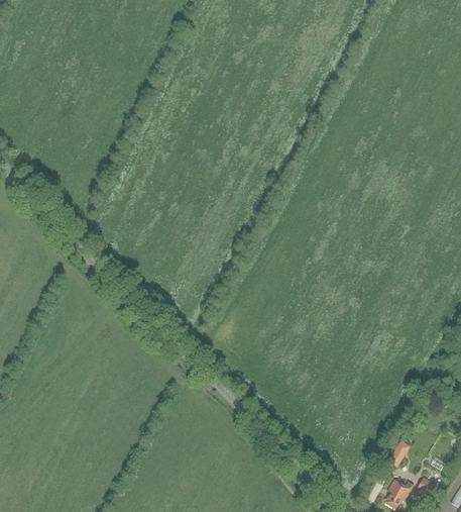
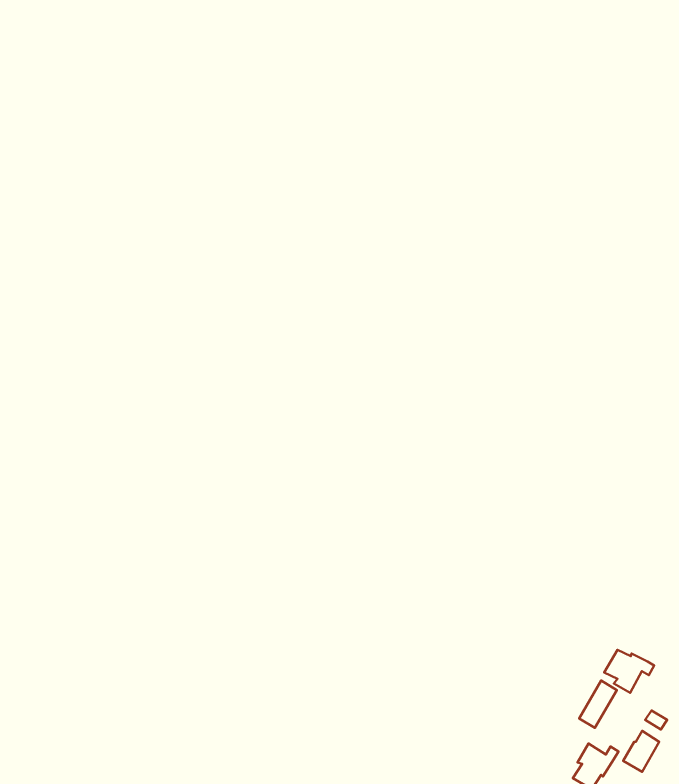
building: none -> [604,650,654,693]

